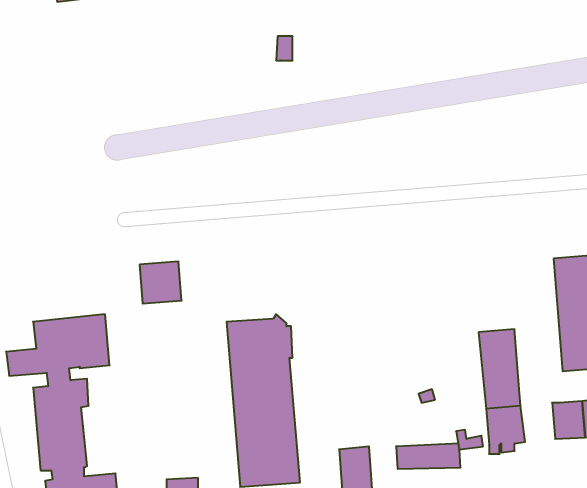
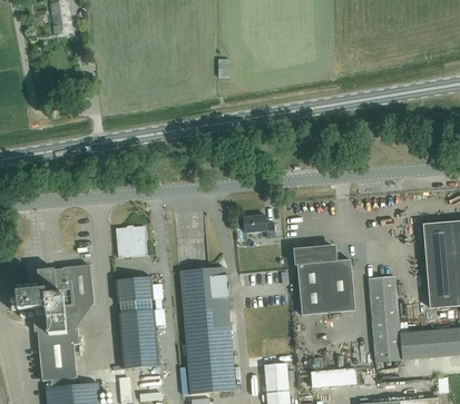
building: none -> [236,215,274,240]
building: none -> [295,247,355,315]
building: none -> [115,276,159,368]
building: none -> [399,331,424,359]

